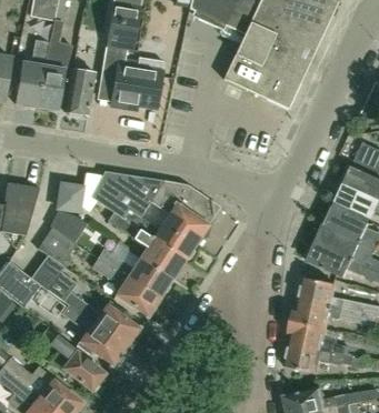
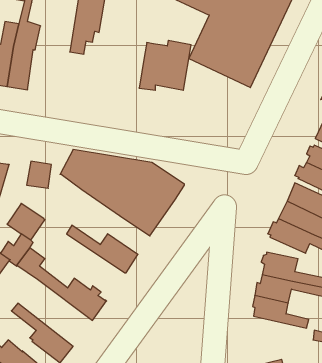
building: [110,58,163,109] -> [139,40,191,90]
building: [63,68,94,114] -> none
building: [49,210,87,242] -> none
building: [108,212,183,279] -> none
building: [91,258,158,315] -> none
building: [61,304,124,366] -> none
building: [282,342,345,372] -> none

